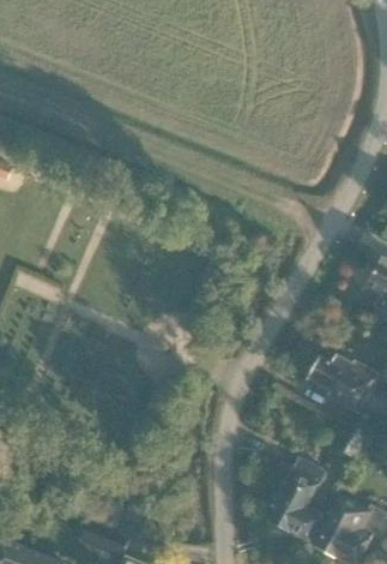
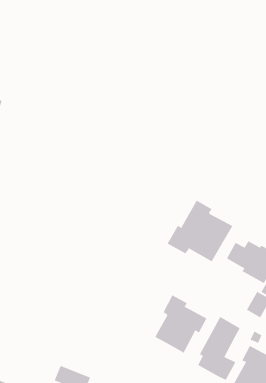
building: none -> [167,200,233,262]
building: none -> [155,295,207,354]

